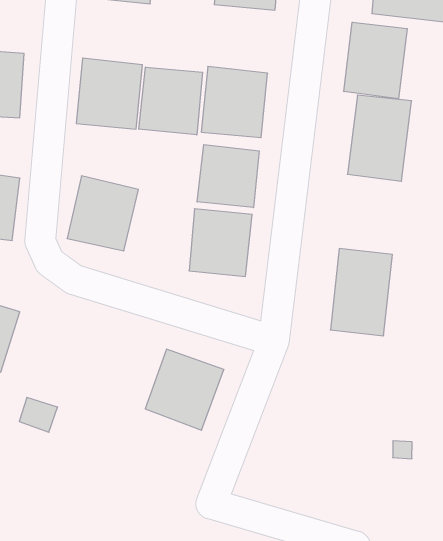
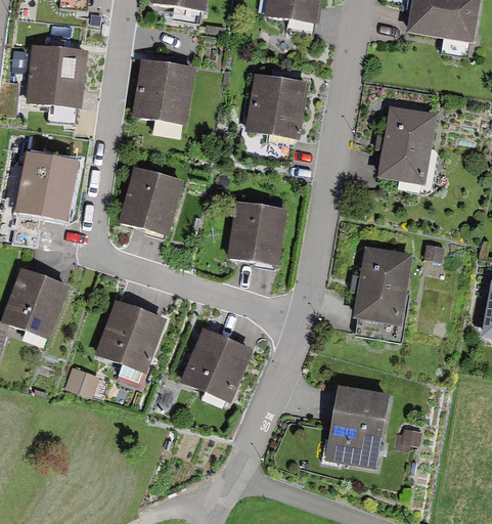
building: [344,22,407,99] -> none
building: [139,67,202,135] -> none
building: [197,145,259,208] -> none
building: none -> [94,299,167,374]
building: none -> [325,385,390,467]

